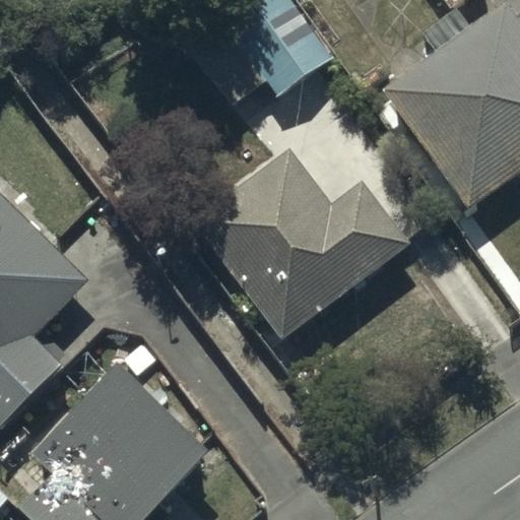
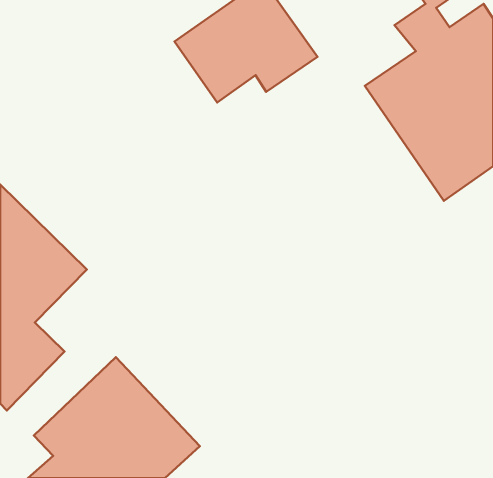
building: [197,154,411,342] -> none

